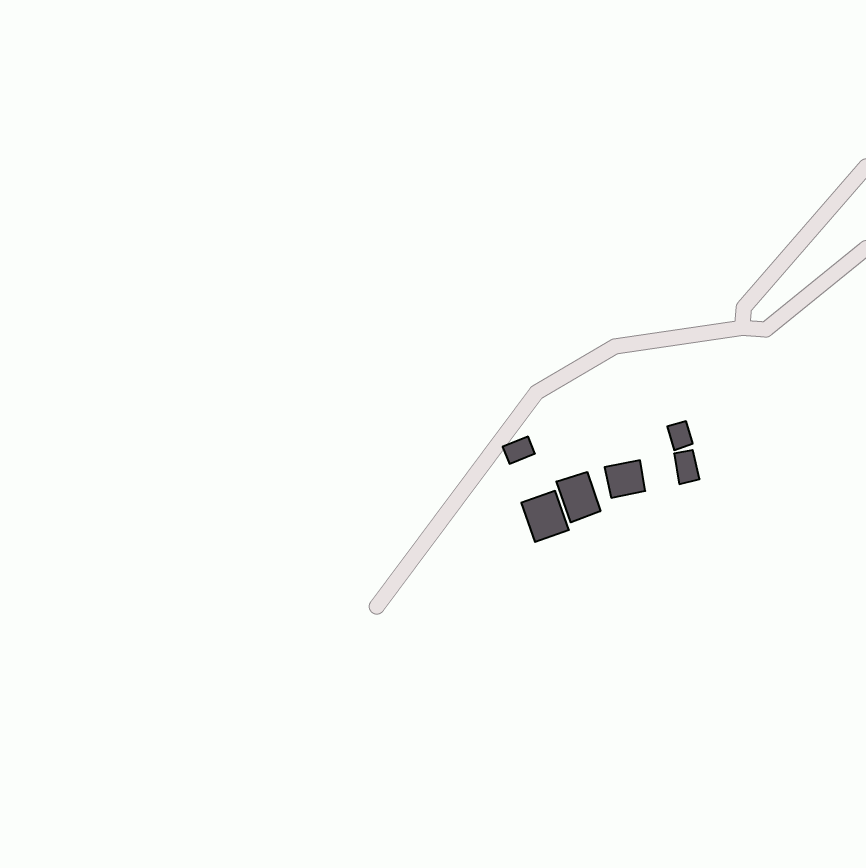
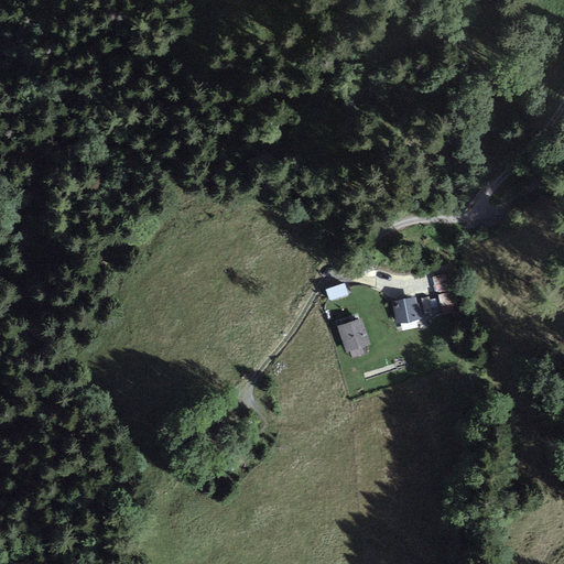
building: [556,472,600,522] -> none

